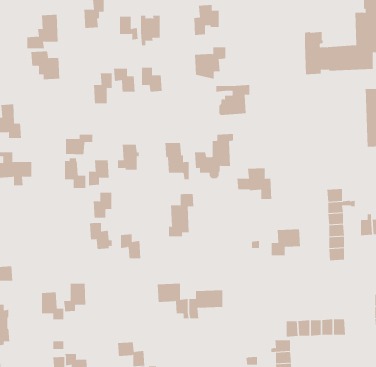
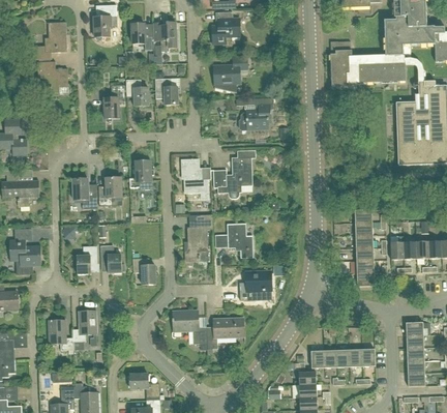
building: [66,134,93,155] -> none
building: [237,168,272,199] -> [214,224,252,258]
building: [93,192,112,218] -> [76,246,96,274]
building: none -> [8,229,40,273]
building: [271,229,301,256] -> [239,271,271,300]

